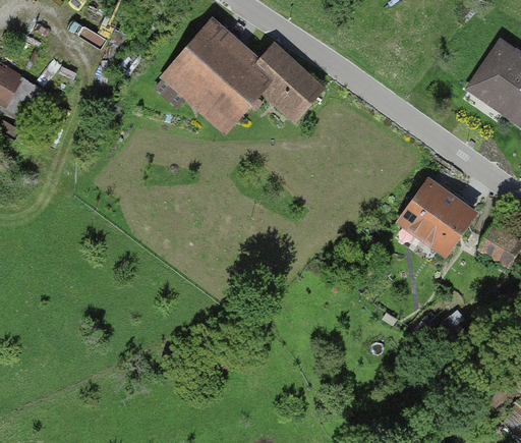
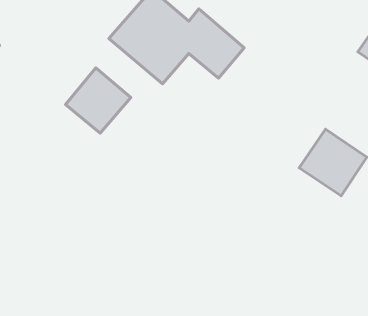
building: none -> [66,68,131,133]

